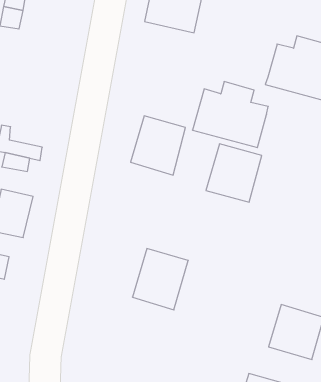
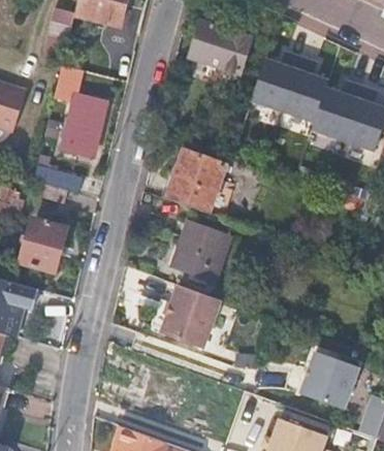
building: none -> [55,63,106,156]
building: [192,82,268,148] -> [249,52,327,121]
building: [206,144,262,202] -> [175,223,234,284]

